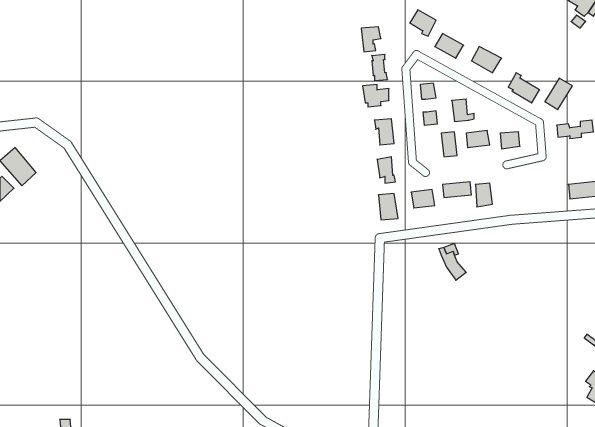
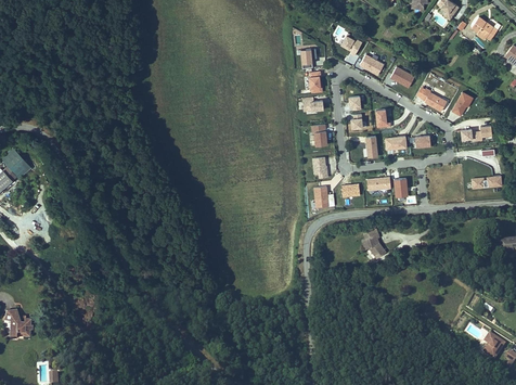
building: none -> [8,309,31,337]

